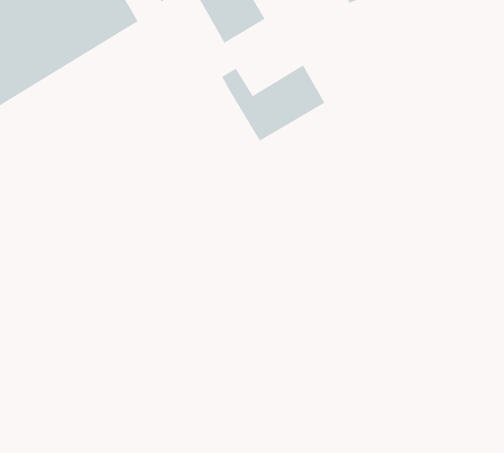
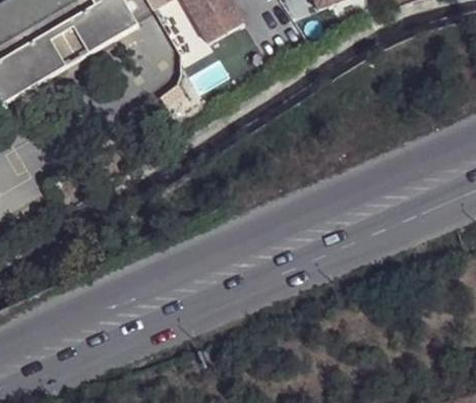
building: [221,65,325,142] -> none

